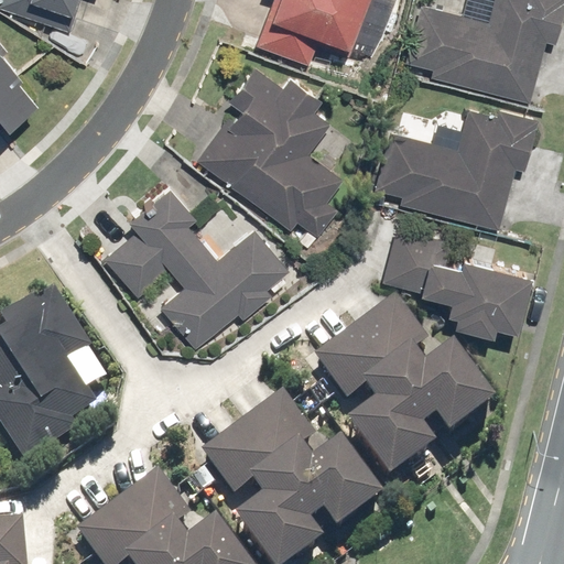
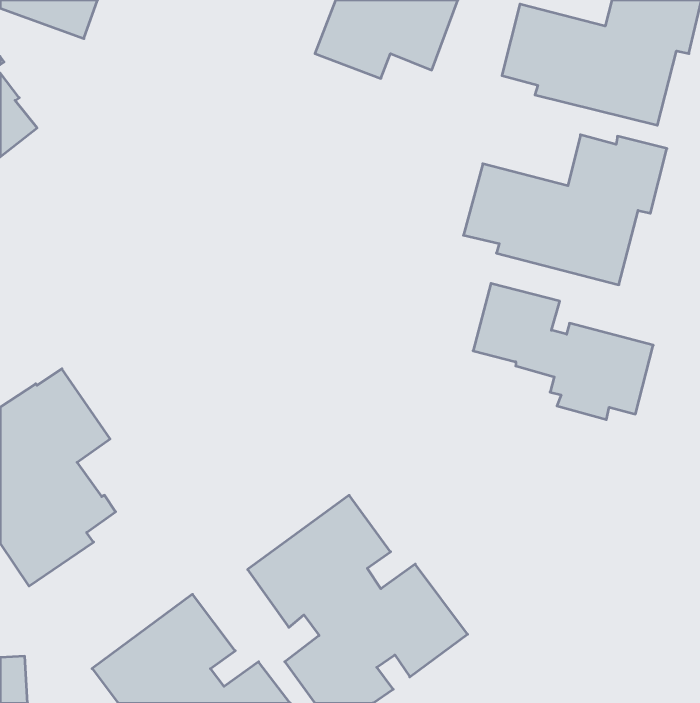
building: [196,66,343,237] -> none
building: [104,186,288,348] -> none
building: [313,302,489,491] -> none

